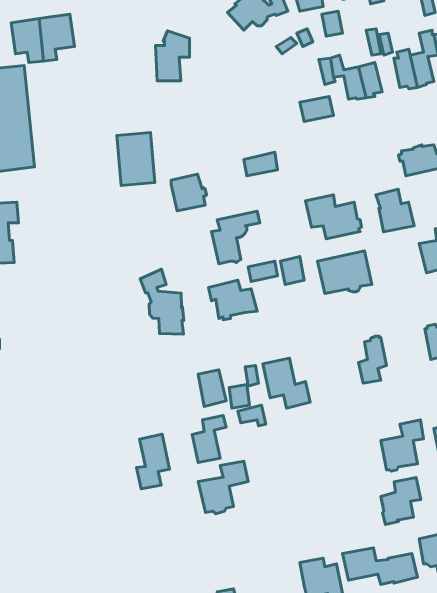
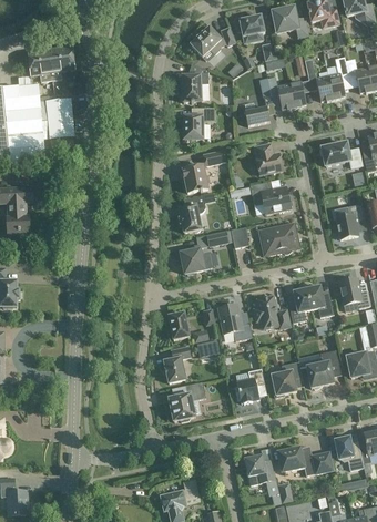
building: [156,31,190,81] -> [182,63,207,101]
building: none -> [183,106,215,139]
building: [117,133,155,186] -> [44,98,73,137]
building: [171,174,206,211] -> [182,164,208,192]
building: [376,189,414,232] -> [253,143,282,175]
building: [140,269,184,334] -> none
building: none -> [305,285,333,317]
building: none -> [253,296,288,329]
building: [136,434,170,489] -> none
building: none -> [236,368,264,402]
building: [381,478,421,525] -> [271,361,300,397]

